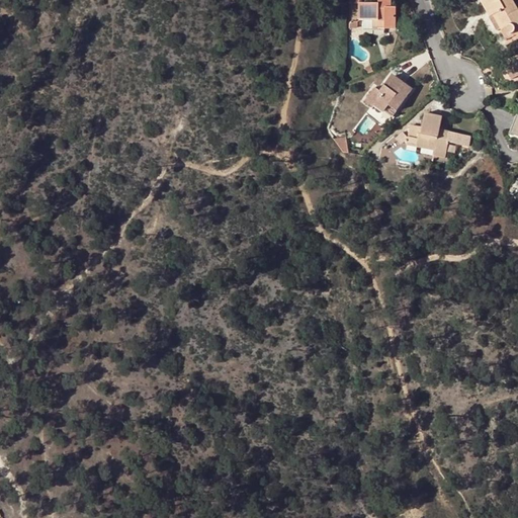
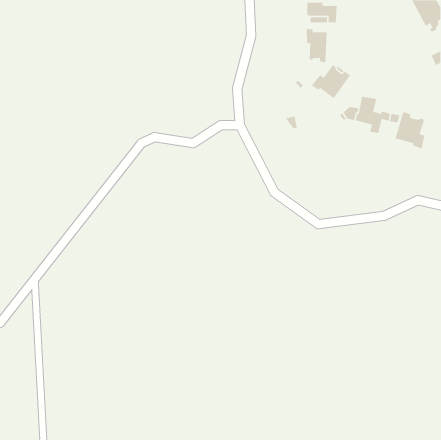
building: none -> [306,28,328,63]
building: none -> [395,111,425,149]

